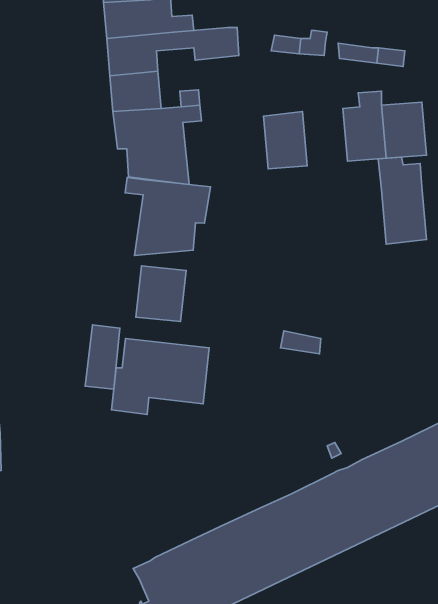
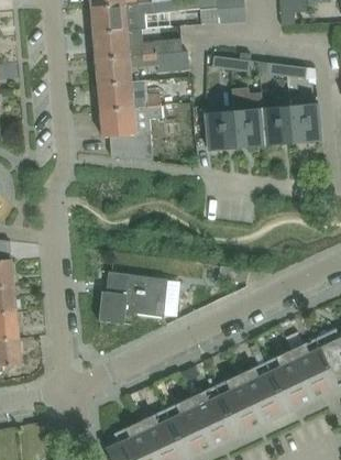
building: [378,157,426,244] -> [231,87,265,149]
building: [125,178,211,256] -> none
building: [136,266,186,322] -> none
building: [85,325,120,389] -> none

